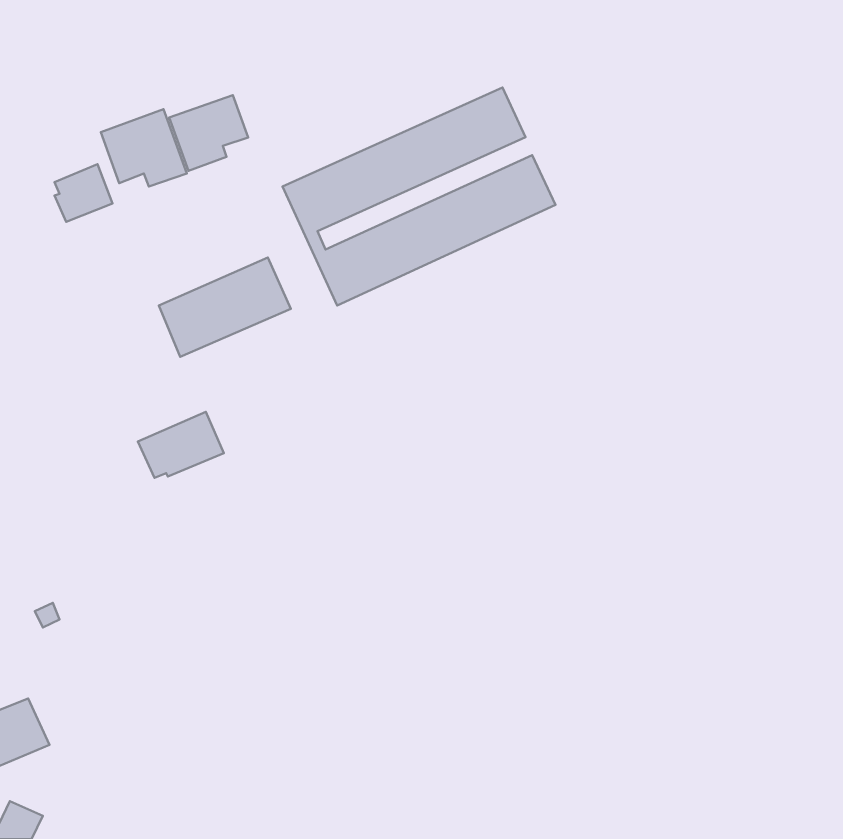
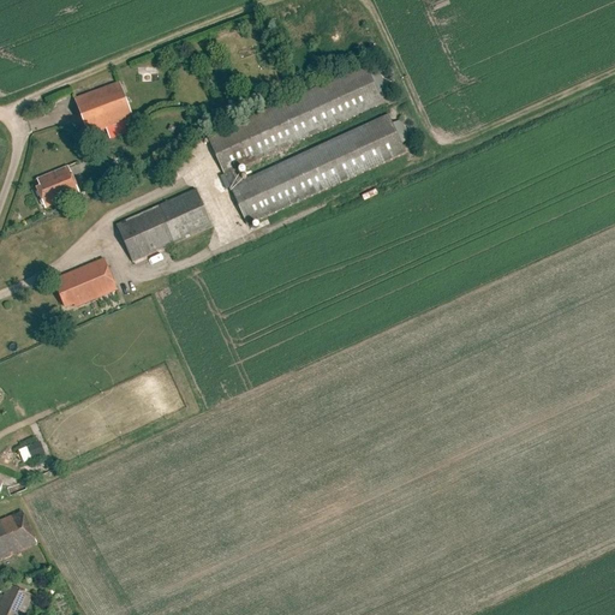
building: [169,95,248,171] -> none
building: [55,164,112,222] -> [36,163,78,205]
building: [138,412,224,478] -> [53,257,115,305]

